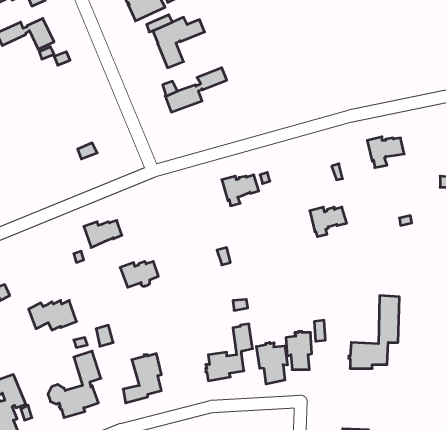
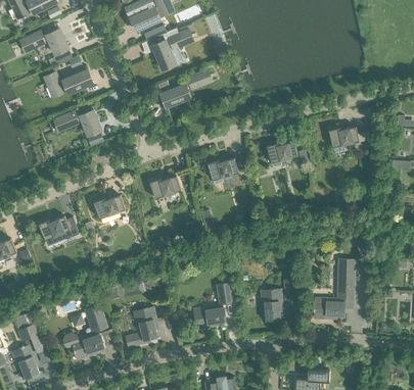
building: none -> [44,69,92,96]
building: none -> [53,109,100,135]
building: [310,207,347,237] -> [266,142,296,166]
building: [120,261,158,287] -> [148,177,180,198]
building: [29,300,77,330] -> [38,216,78,241]
building: [256,342,287,384] -> none

